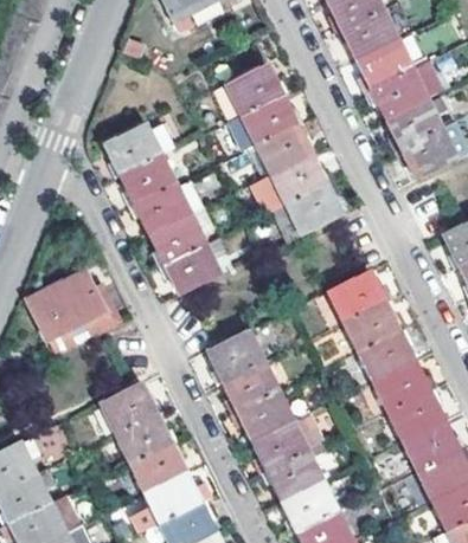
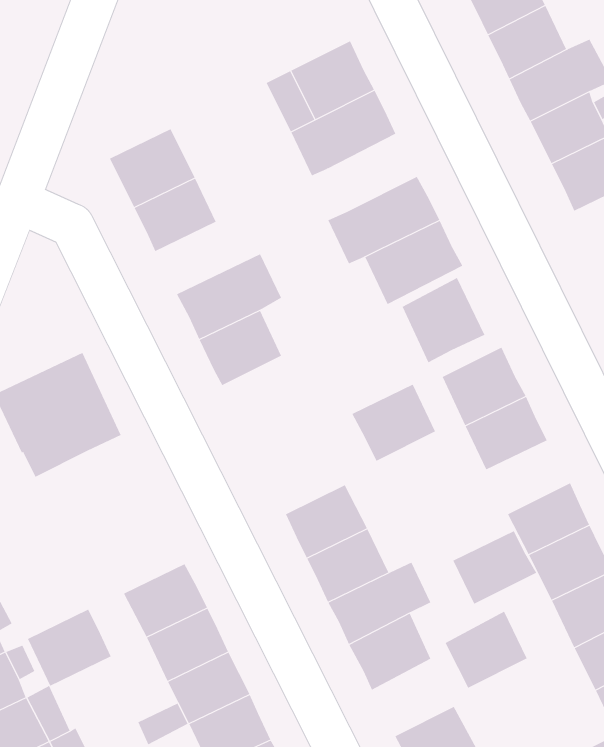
building: [251,125,312,177] -> none
building: [135,177,206,233] -> none
building: none -> [402,277,485,363]
building: [206,329,263,381] -> [351,384,436,461]
building: [358,331,415,381] -> [453,531,537,604]
building: [98,382,155,434] -> [27,609,112,686]
building: [281,478,336,530] -> [445,611,528,688]

